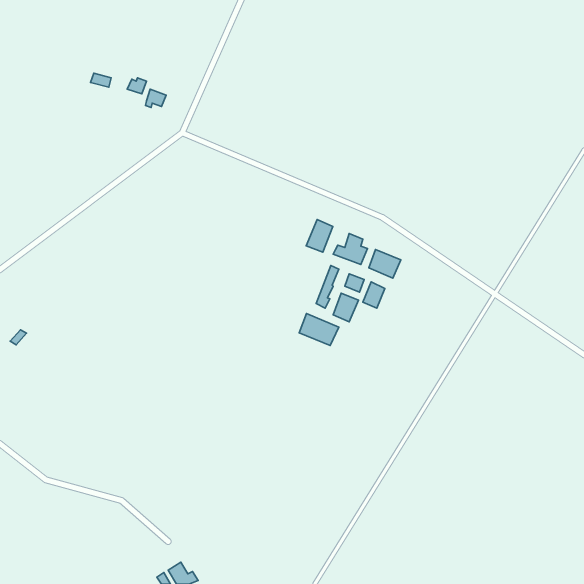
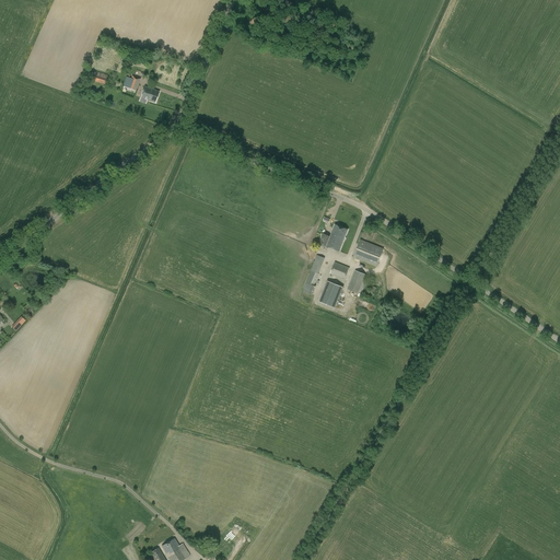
building: [306,219,333,252] -> none
building: [299,314,339,346] -> none

